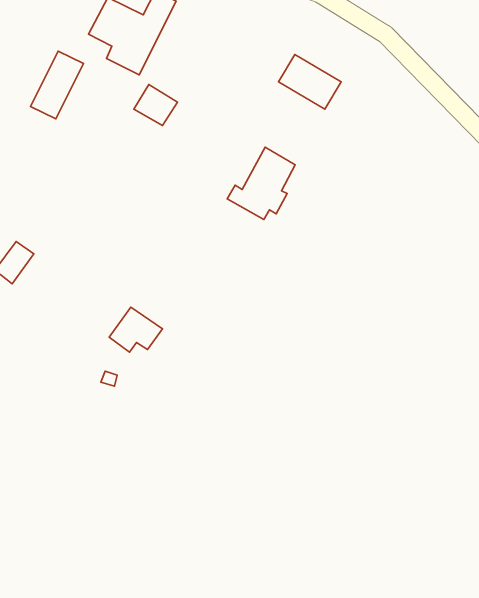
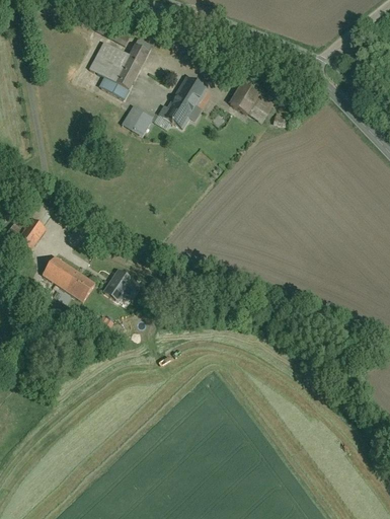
building: [30,51,84,119] -> none
building: [227,147,295,219] -> [158,74,209,128]
building: none -> [44,255,99,303]

